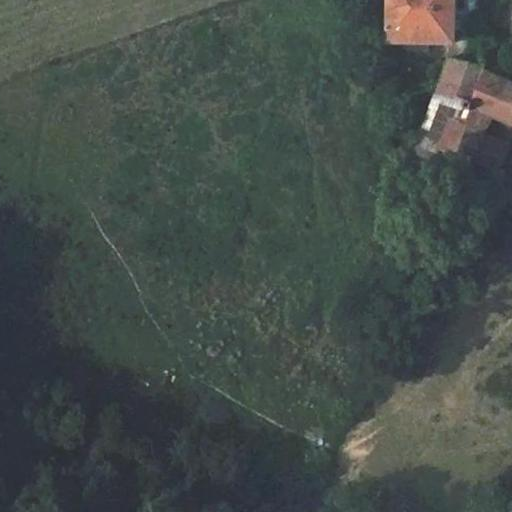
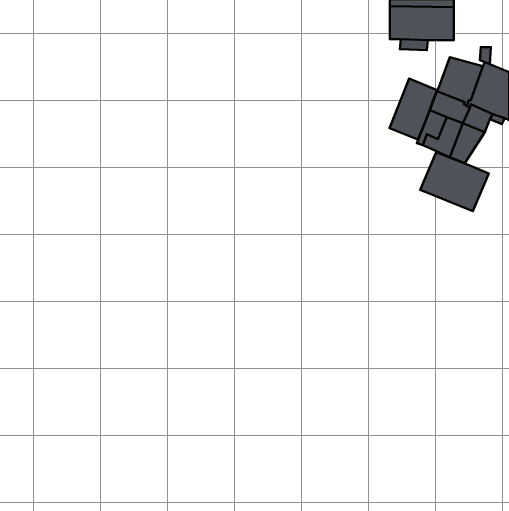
building: none -> [390,79,437,140]
building: none -> [420,152,489,211]

